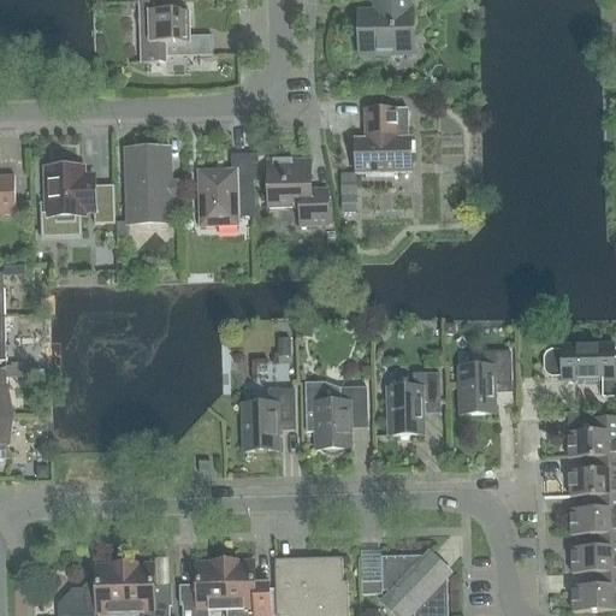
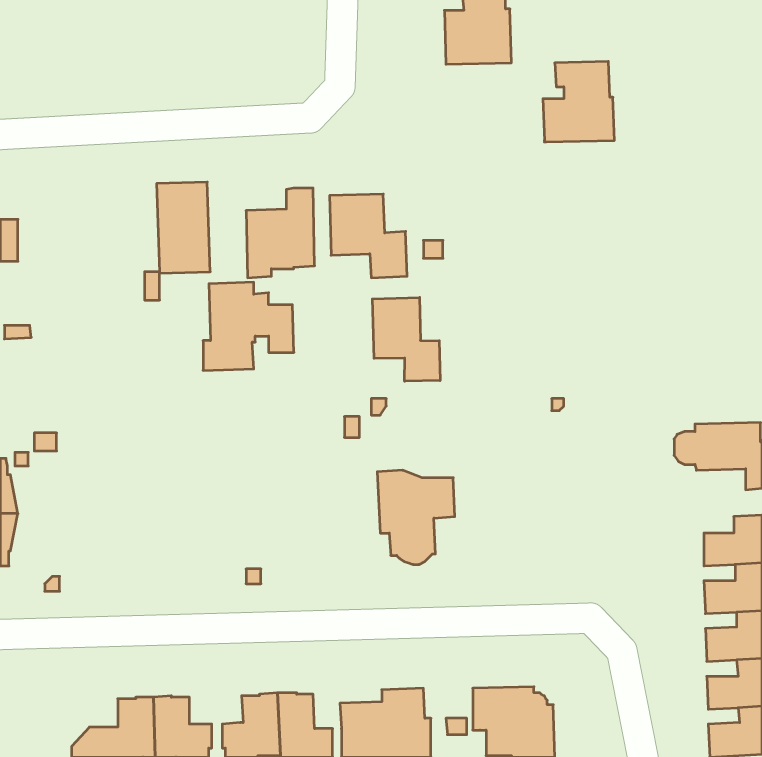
building: [130,7,212,60] -> none
building: [354,106,411,171] -> [543,61,614,142]
building: [41,165,114,236] -> [203,282,294,370]
building: none -> [372,297,440,381]
building: [457,349,511,413] -> none
building: [386,371,439,433] -> none
building: [242,386,295,450] -> none

